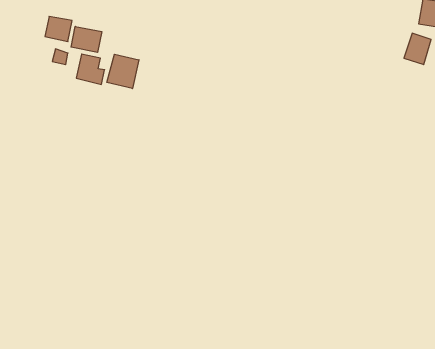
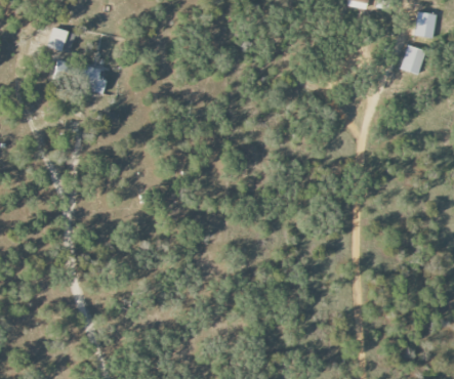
building: [71,26,102,52] -> none
building: [107,54,139,89] -> none

